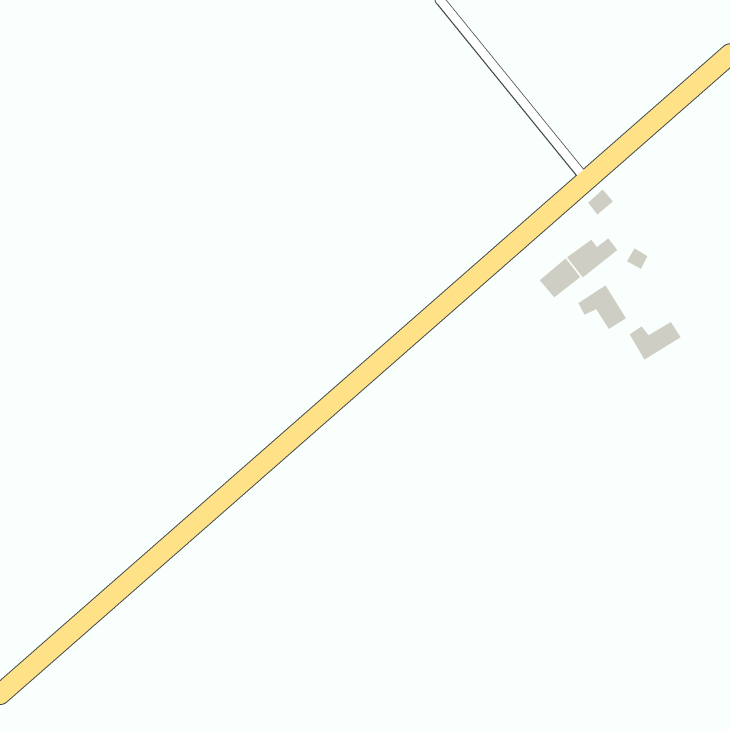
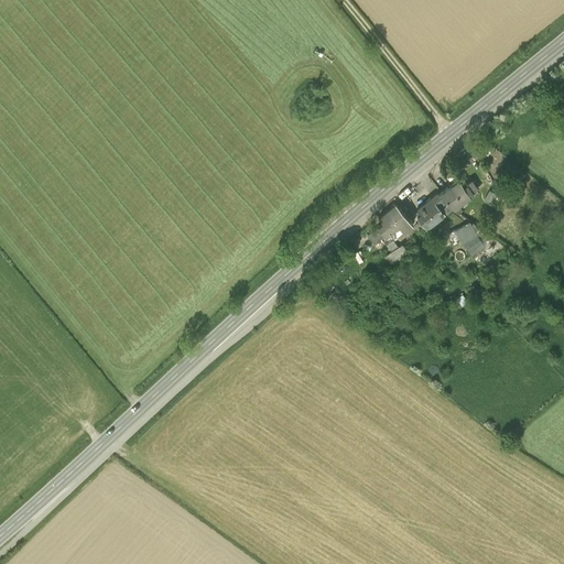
building: none -> [368,203,416,248]
building: [628,321,682,361] -> none

